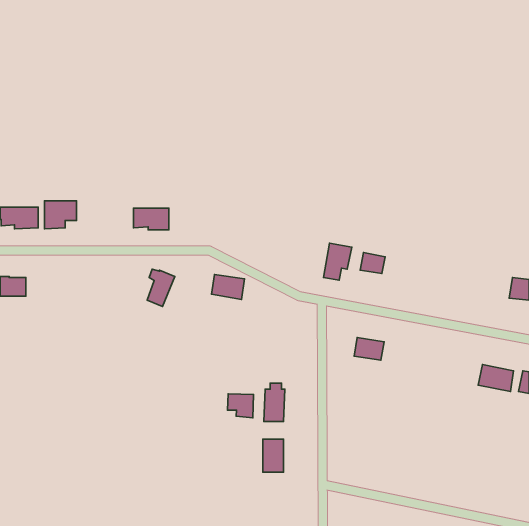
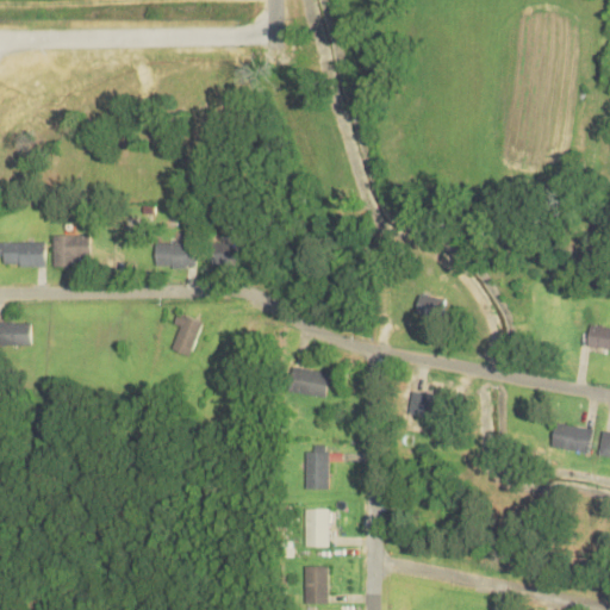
building: [324,243,352,280] -> none
building: [211,275,245,299] -> [290,368,328,397]
building: [227,394,253,418] -> none
building: none -> [304,567,326,603]

